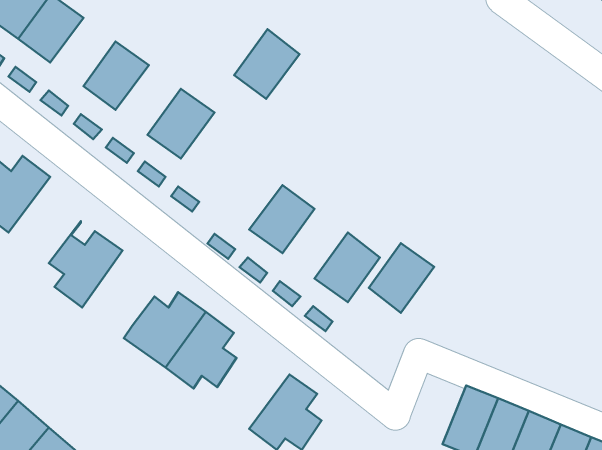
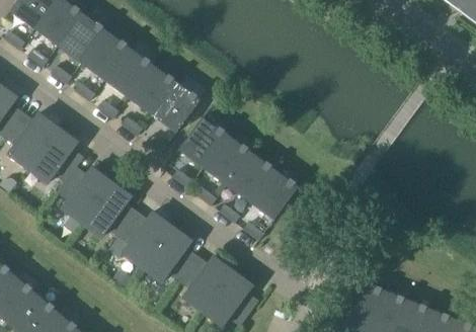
building: none -> [58,13,105,63]
building: [234,29,300,99] -> [153,82,201,133]
building: none -> [105,48,153,98]
building: none -> [179,116,227,167]
building: none -> [27,129,80,183]
building: [369,243,434,313] -> [227,152,274,202]
building: none -> [81,182,134,238]
building: none -> [179,257,232,312]

